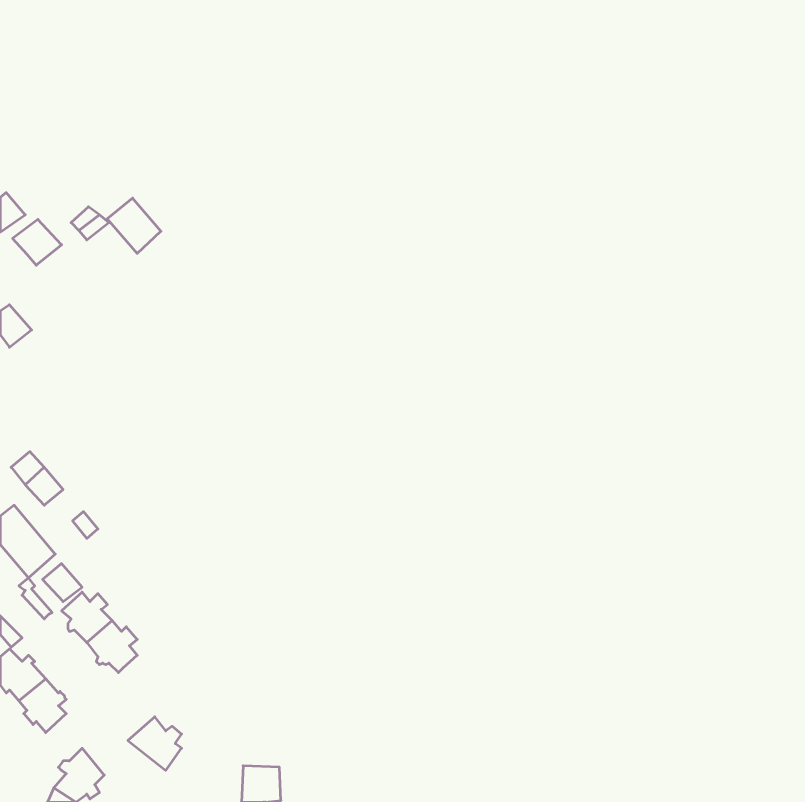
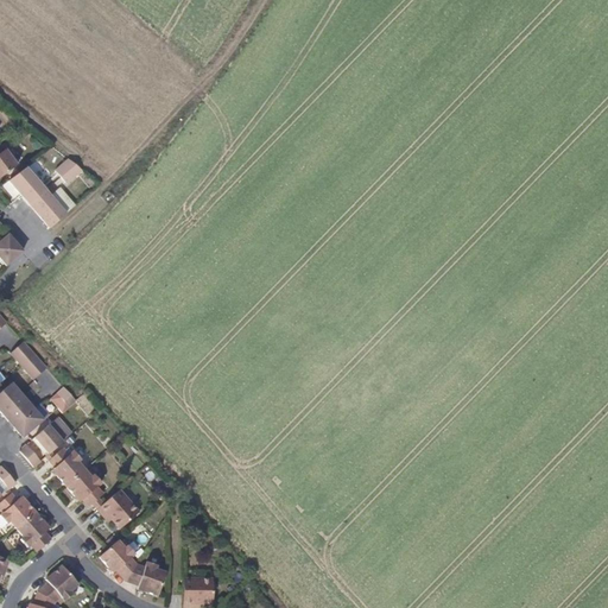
building: [107,198,161,253] -> [28,184,69,226]
building: none -> [97,492,135,527]
building: none -> [126,563,163,595]

